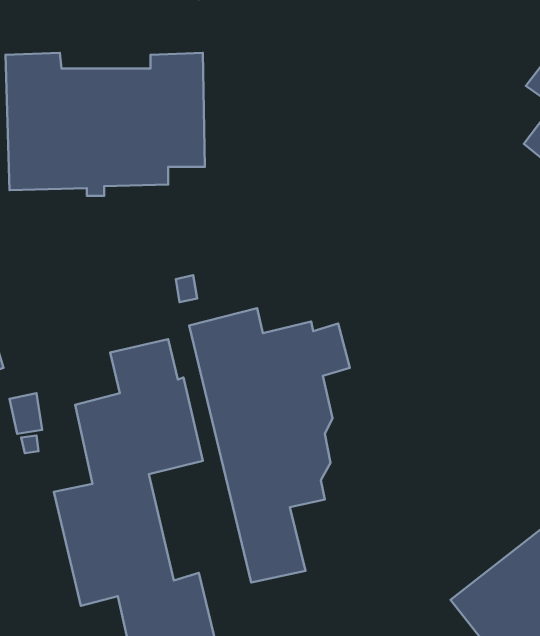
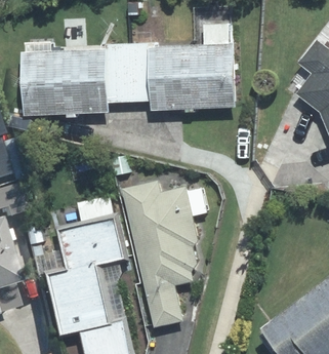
building: none -> [131,24,241,113]

